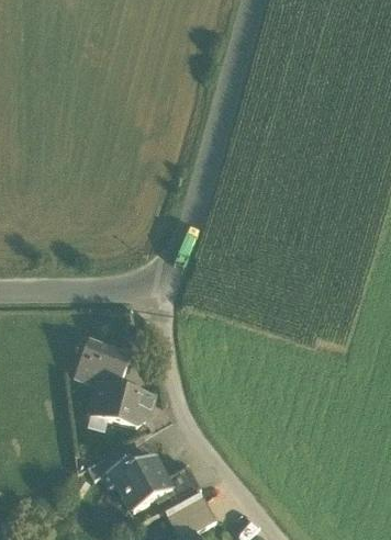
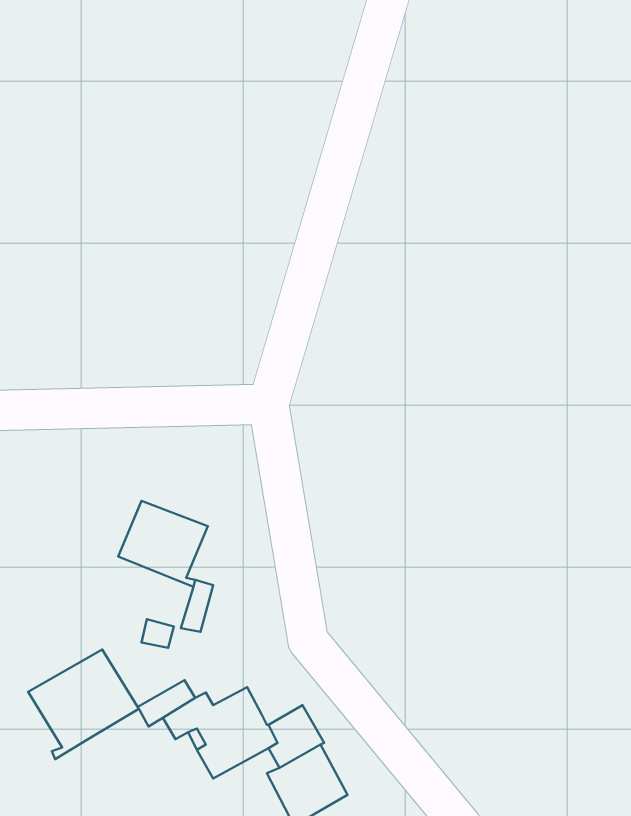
building: [91,385,120,418] -> none
building: [123,392,152,429] -> none
building: none -> [28,649,139,759]

